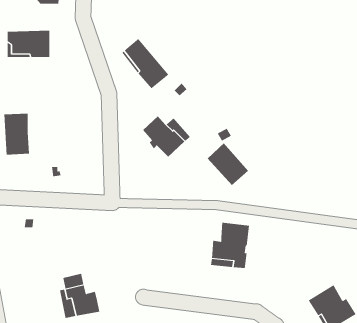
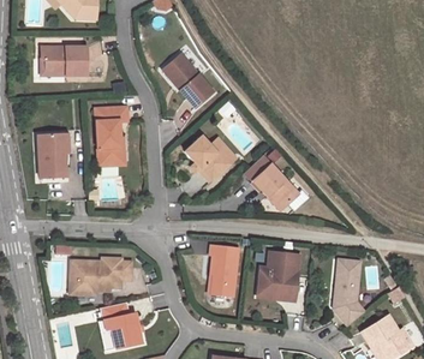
building: none -> [97,106,130,166]
building: none -> [211,241,239,293]
building: none -> [71,258,132,294]
building: none -> [334,258,365,325]

